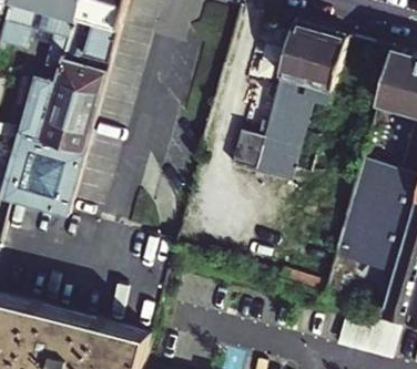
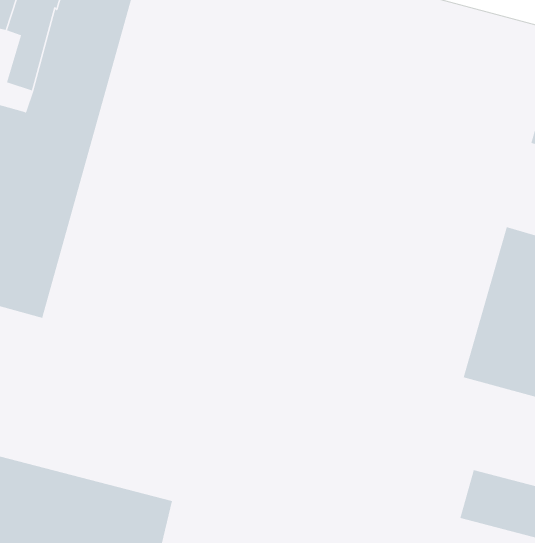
building: [231,24,346,182] -> none

